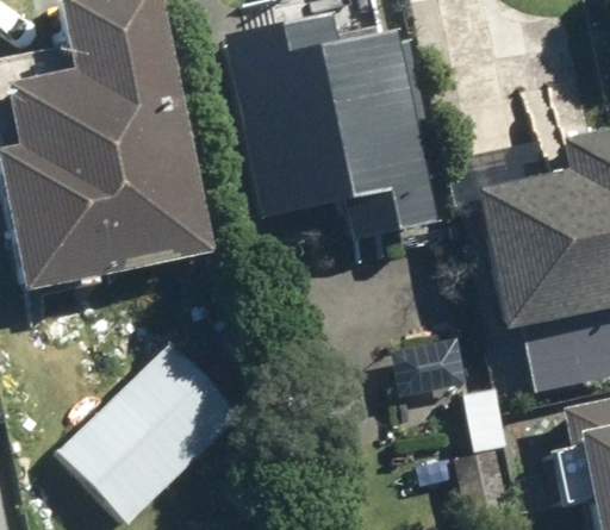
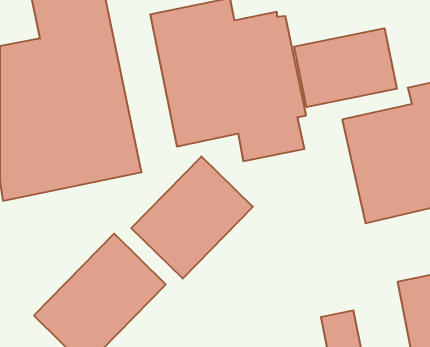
building: none -> [294,28,397,107]
building: none -> [131,156,253,279]

